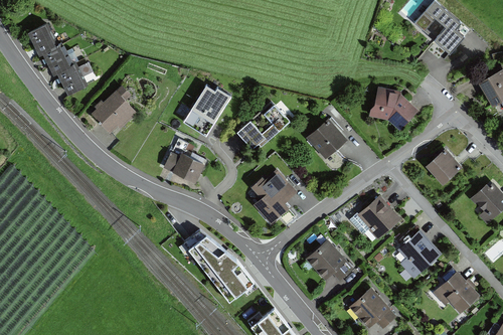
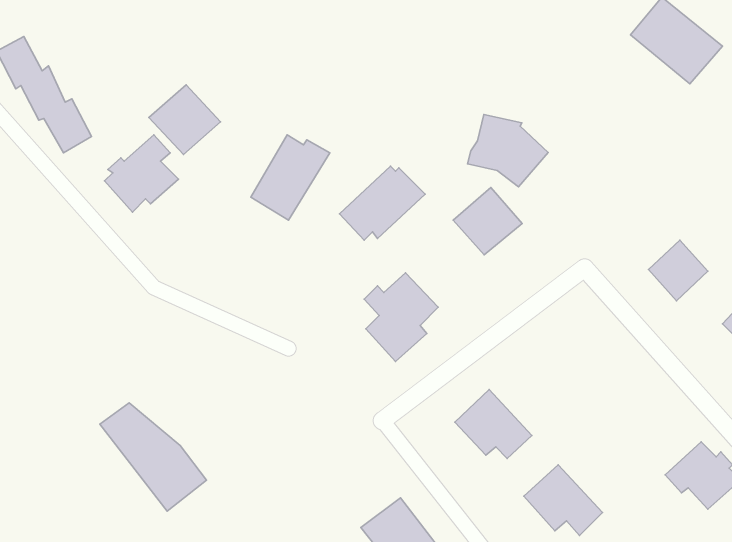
building: none -> [149,85,221,154]
building: [369,86,418,130] -> [468,115,548,187]
building: [164,150,206,182] -> none
building: [358,197,401,243] -> none
building: [398,228,444,282] -> none
building: [188,234,254,301] -> [100,403,207,511]

